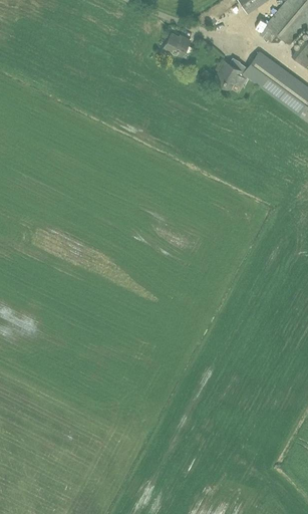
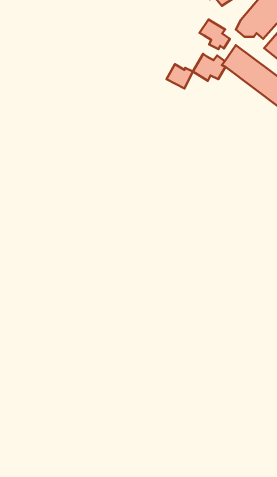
building: none -> [199,19,230,49]
building: [164,30,192,56] -> [166,64,193,88]

